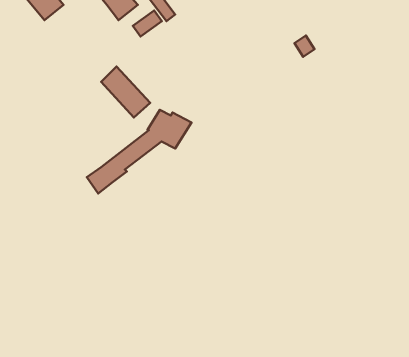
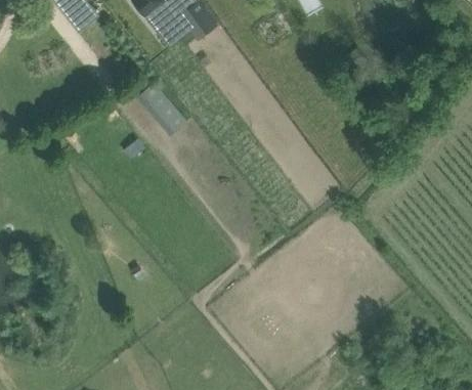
building: [87,110,191,194] -> none

